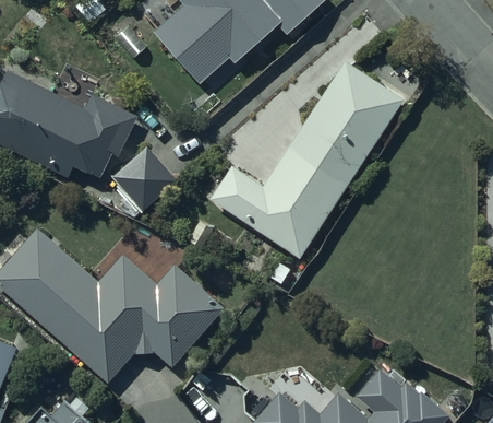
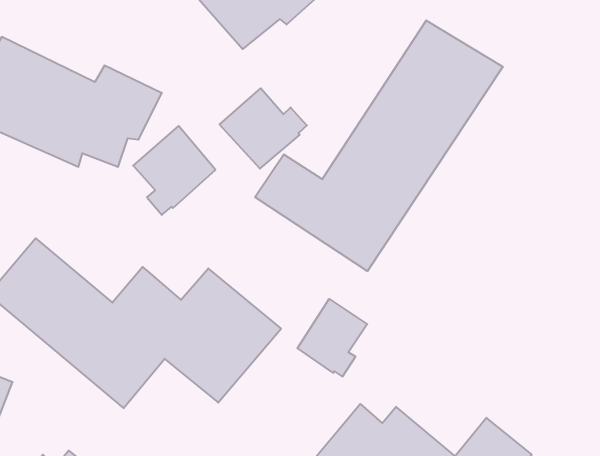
building: none -> [220,88,307,169]
building: none -> [297,299,367,377]

